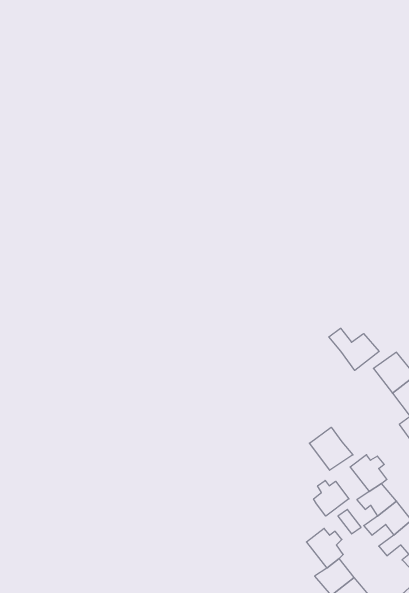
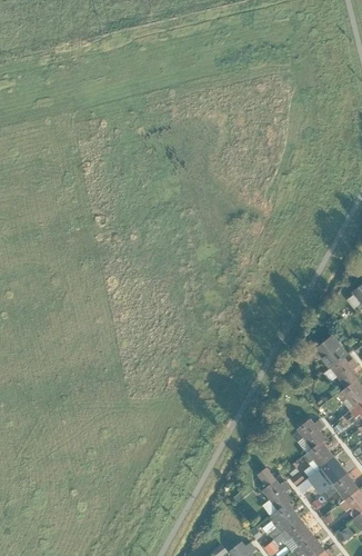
building: [329,328,379,370] -> none
building: [309,427,353,470] -> none
building: [314,480,349,516] -> none

